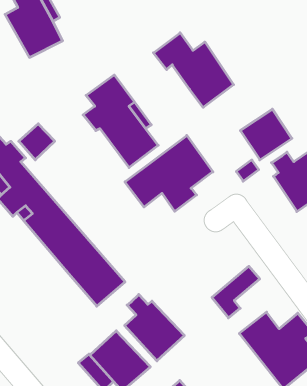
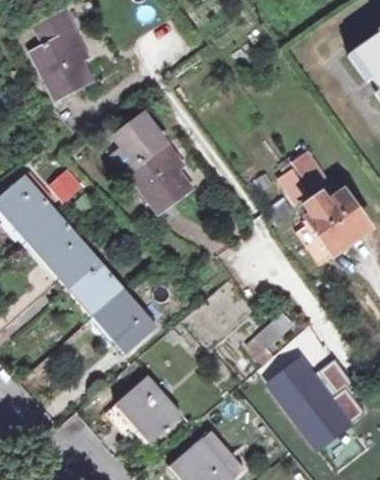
building: [153,33,234,107] -> none
building: [125,135,213,211] -> none
building: [125,294,184,361] -> none

